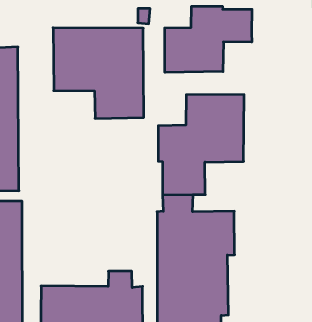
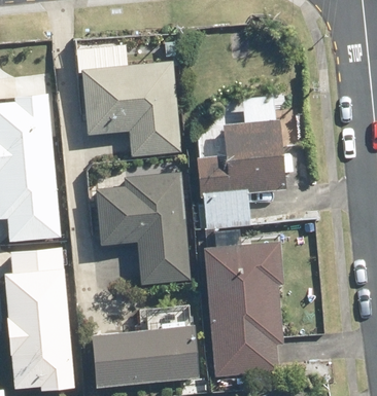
building: [165,6,252,72] -> none
building: none -> [95,172,191,285]

